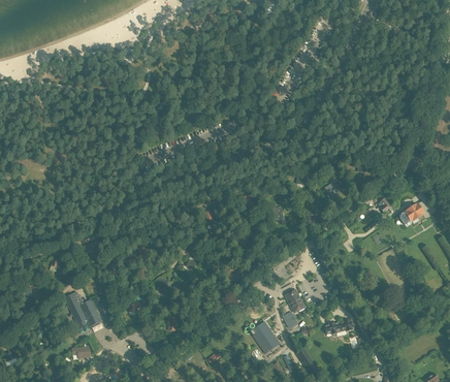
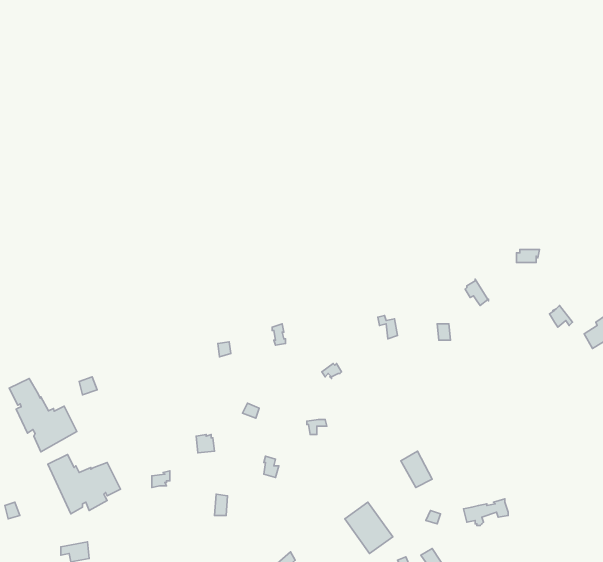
building: none -> [9,378,77,452]

